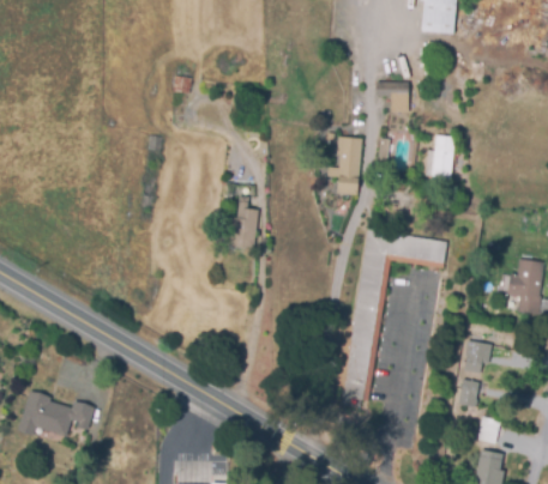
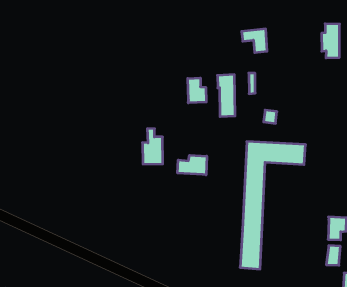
building: none -> [188,78,206,103]
building: [426,139,453,186] -> [322,24,340,58]
building: none -> [178,155,207,175]

